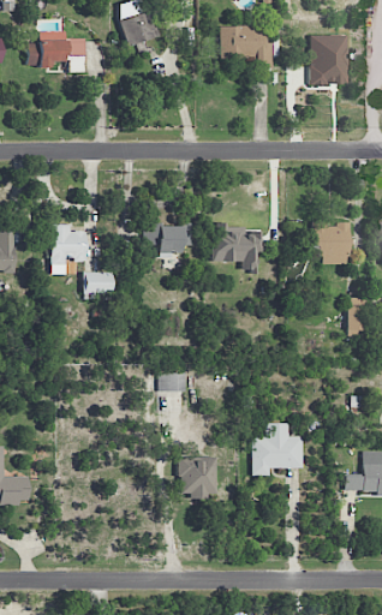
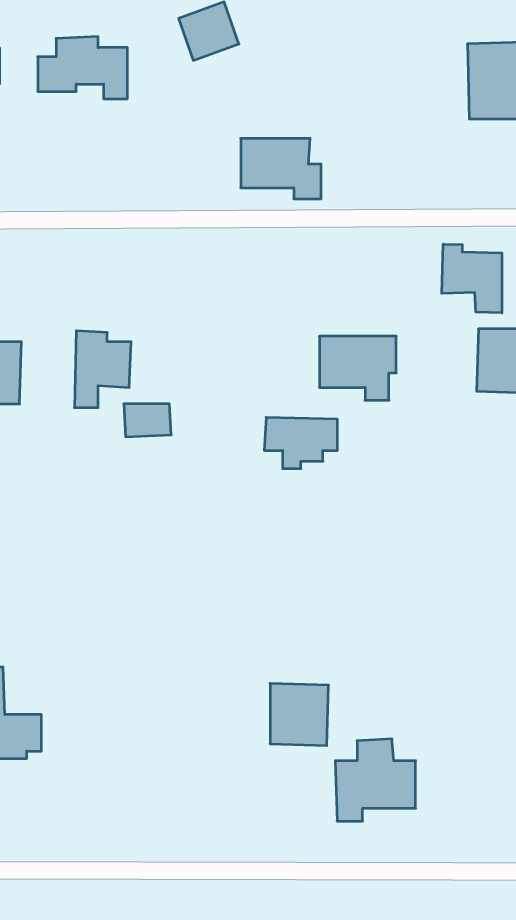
building: [220,25,273,65] -> [241,138,321,199]
building: none -> [442,244,502,313]
building: [144,223,192,257] -> [264,417,337,469]
building: [159,372,186,392] -> none
building: [251,422,304,476] -> [335,739,416,821]

